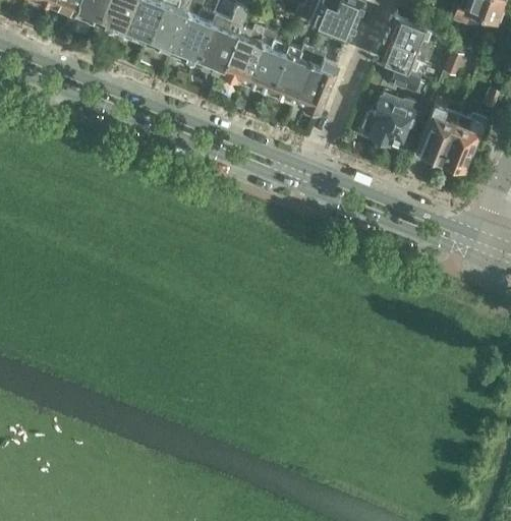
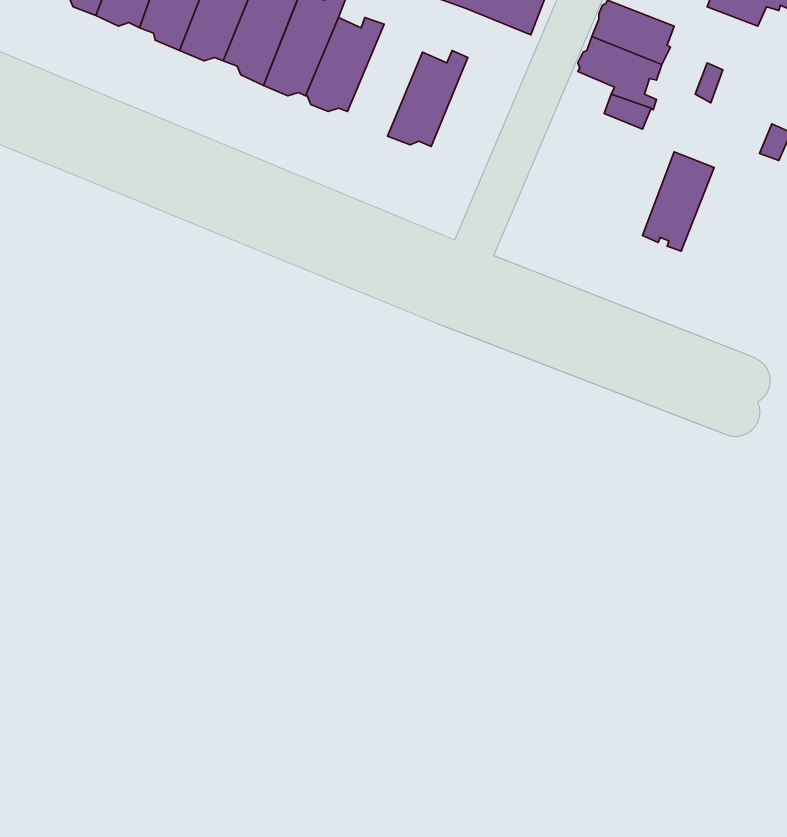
building: [242,28,286,94] -> none
building: [291,48,336,112] -> none
building: [361,98,418,146] -> none
building: [437,112,488,168] -> none

